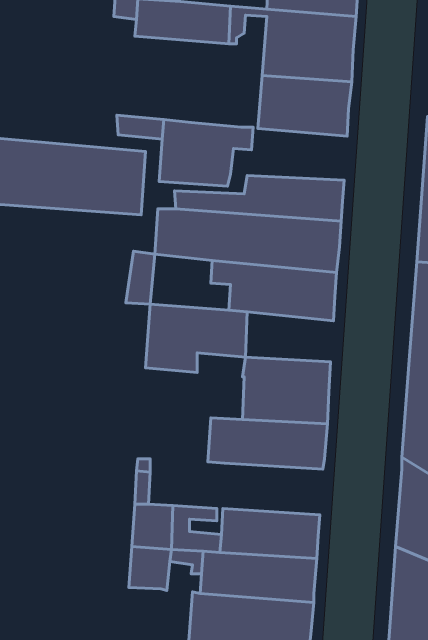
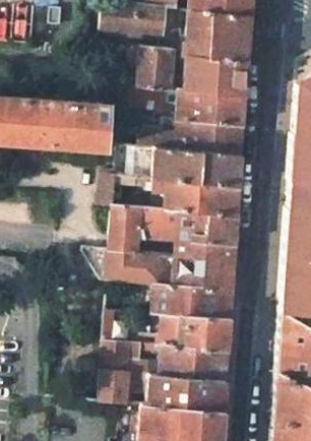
building: none -> [141,48,176,90]
building: none -> [179,90,246,126]
building: none -> [178,214,237,248]
building: none -> [82,249,177,287]
building: none -> [163,316,230,351]

